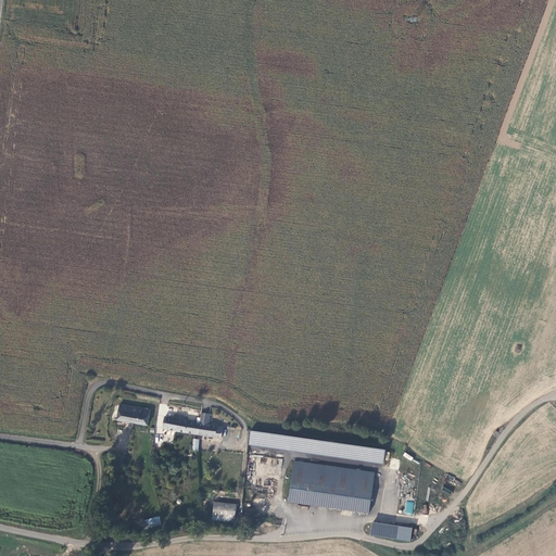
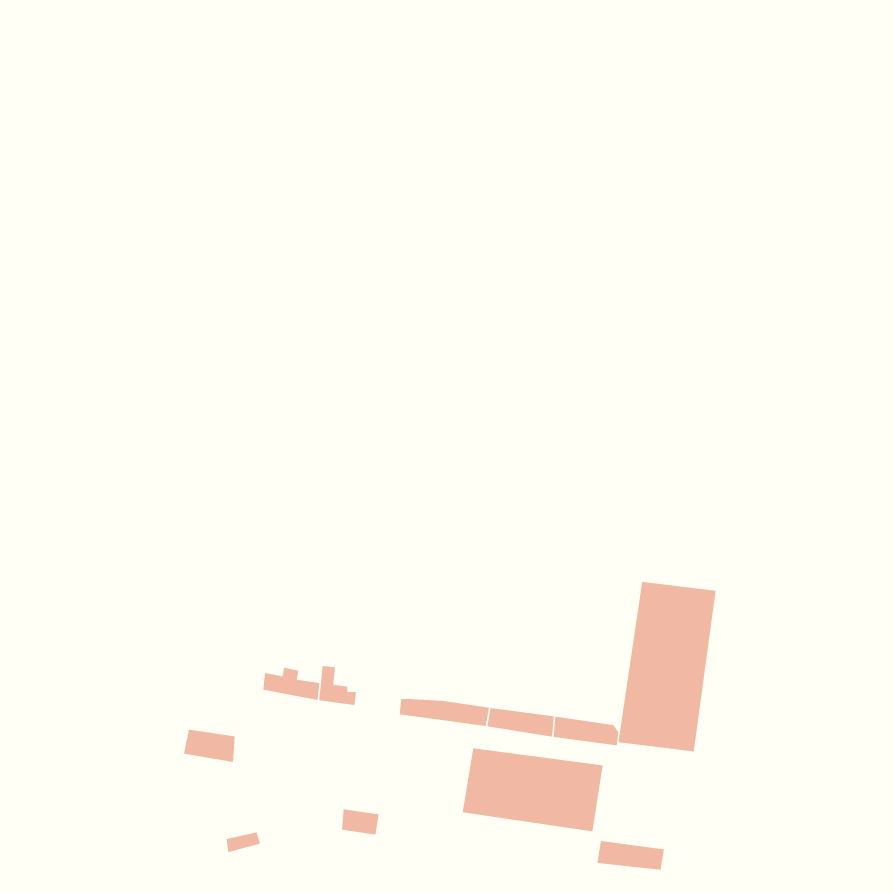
building: none -> [618,581,716,752]
building: [116,405,149,426] -> [183,729,236,762]

